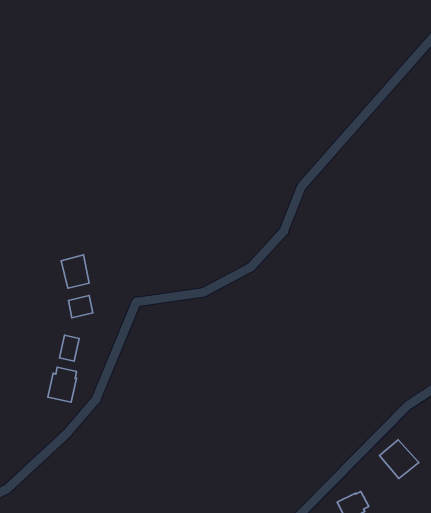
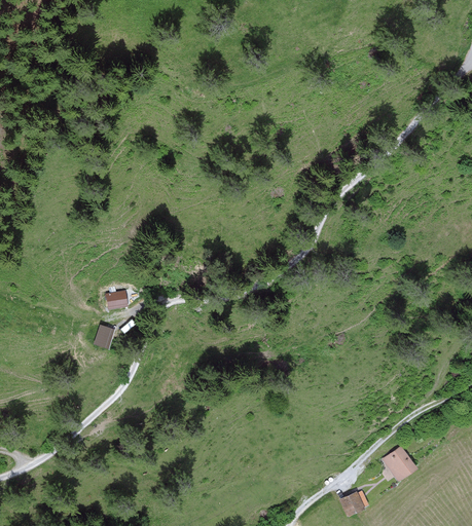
building: [61,255,89,288] -> none
building: [48,367,77,402] -> none

